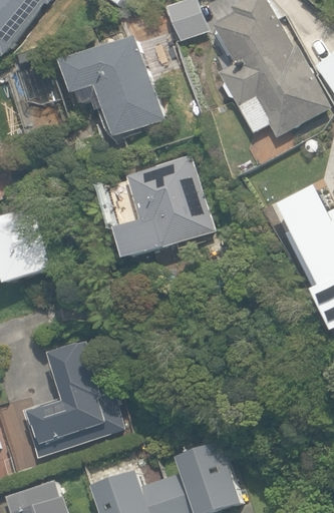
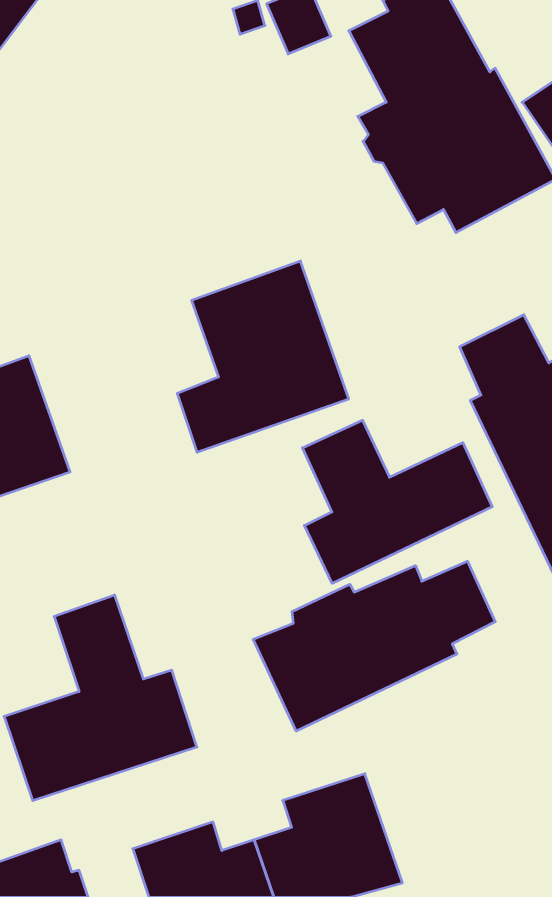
building: [60,36,162,136] -> none
building: none -> [302,420,492,583]
building: none -> [253,561,495,731]

